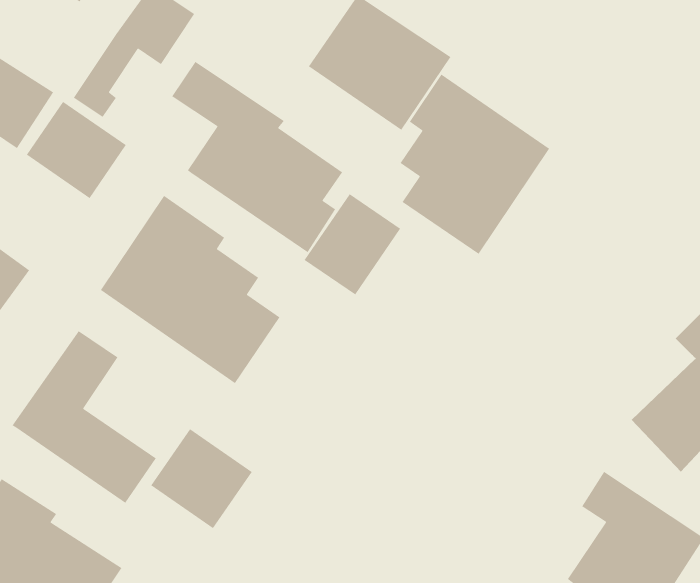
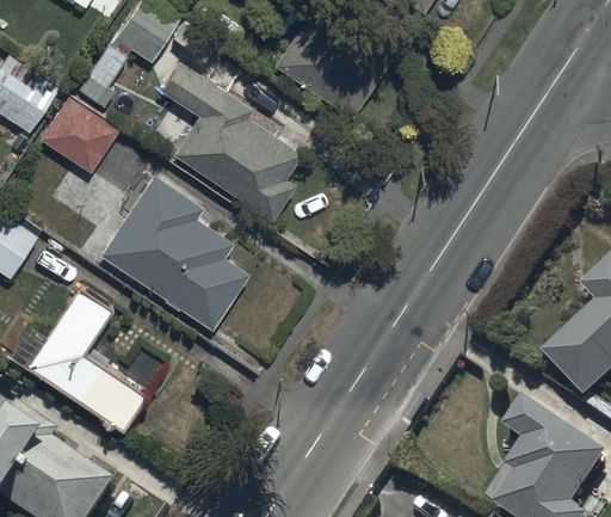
building: [399,73,550,255] -> none
building: [304,193,401,295] -> none
building: [150,428,253,529] -> none

